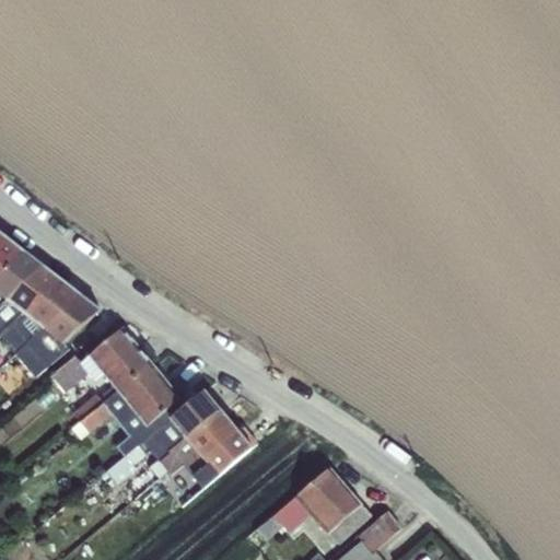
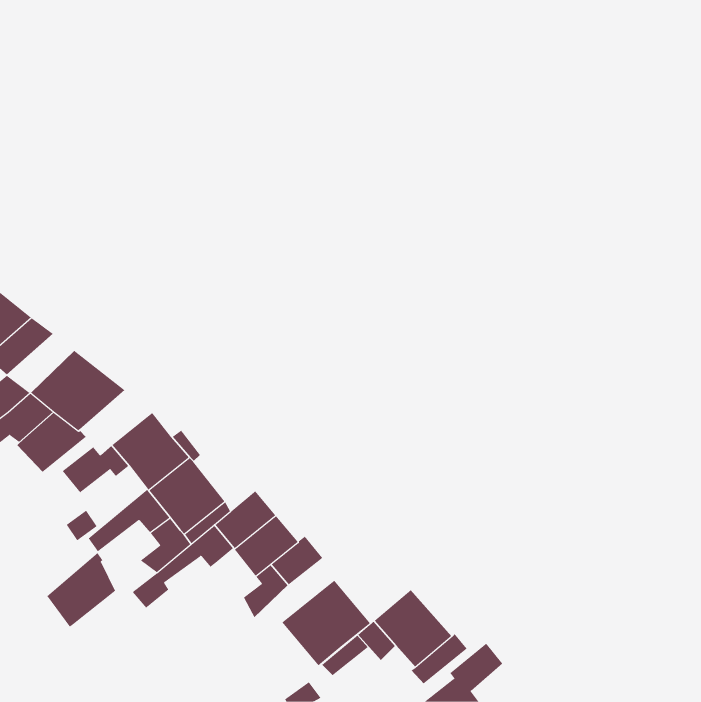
building: [5,266,59,313] -> none
building: [159,436,208,476] -> none
building: none -> [47,552,116,628]
building: none -> [282,580,371,666]

